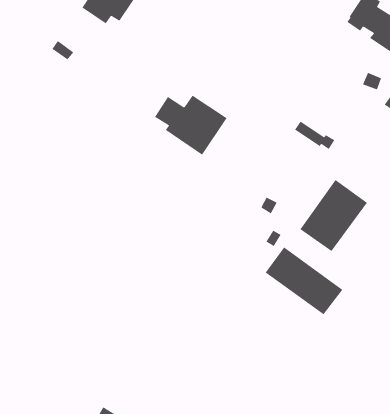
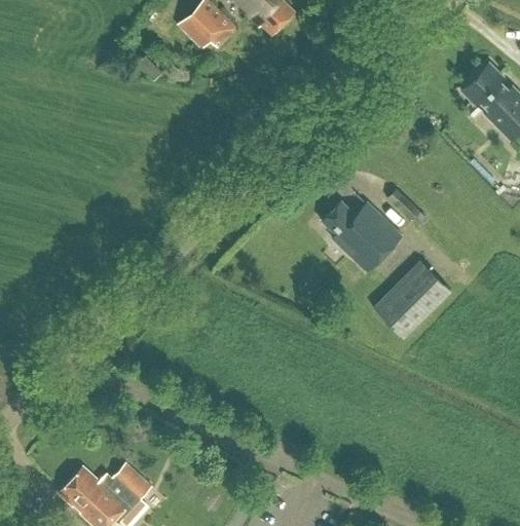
building: [154,95,227,156] -> [322,200,401,271]
building: [265,246,343,315] -> none

